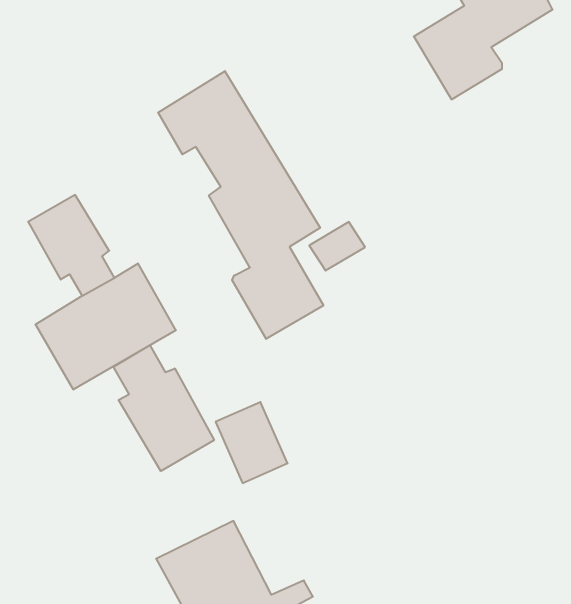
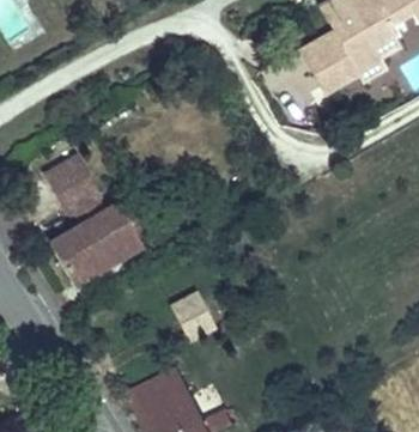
building: [158,71,323,339] -> none
building: [114,345,214,471] -> none

